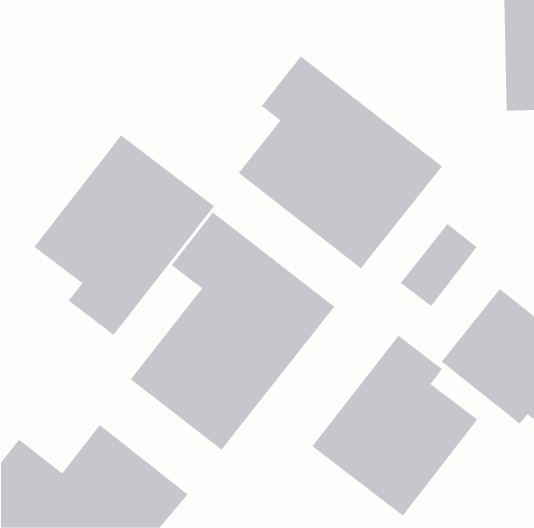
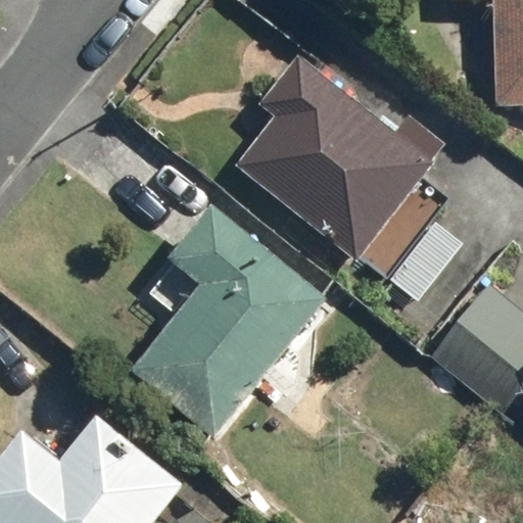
building: [33,134,215,336] -> none
building: [311,335,478,516] -> none

